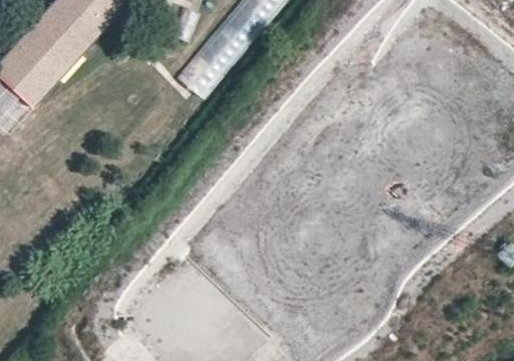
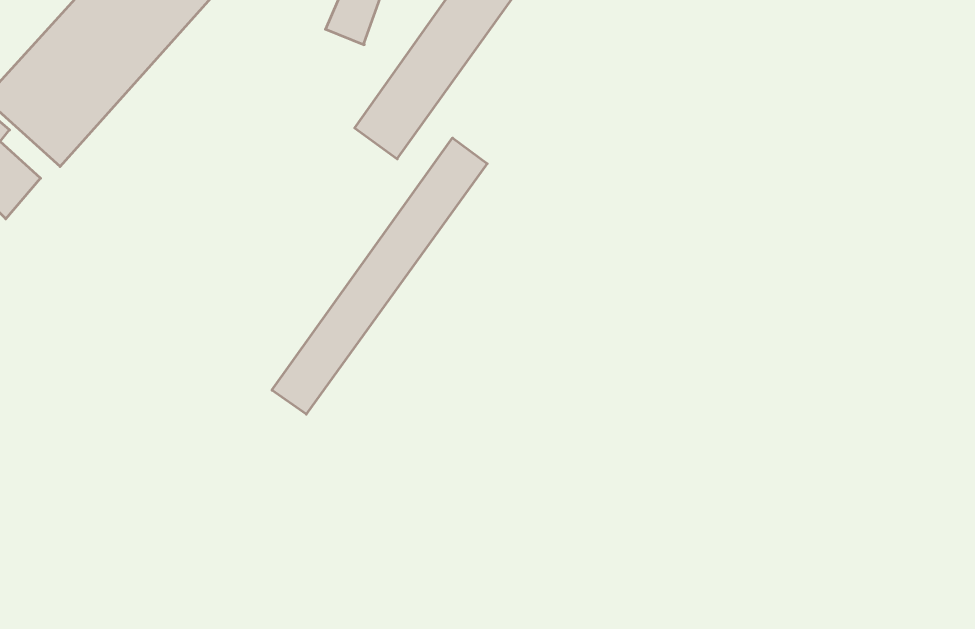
building: none -> [272,138,487,414]

